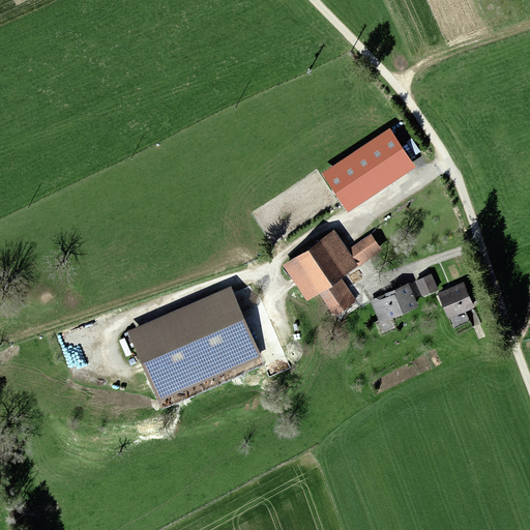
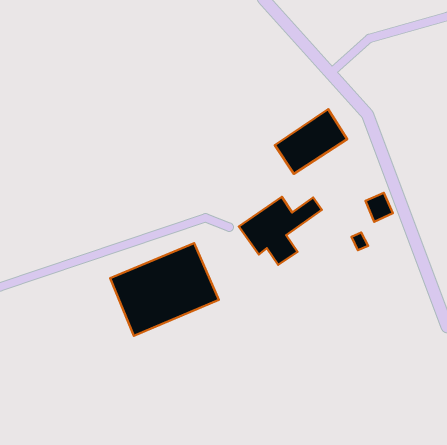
building: [438,285,470,319] -> [366,193,393,222]
building: [372,287,415,323] -> none

